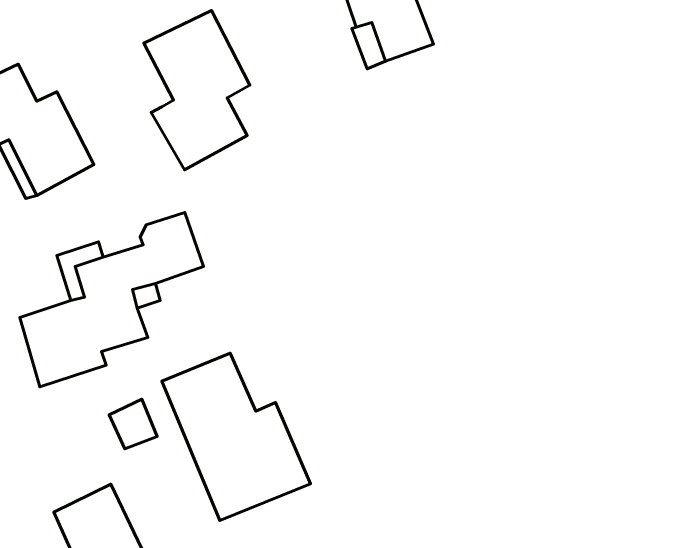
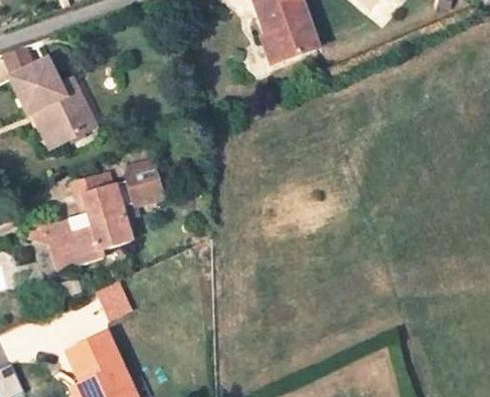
building: [144,10,250,170] -> none
building: [162,353,310,521] -> none

